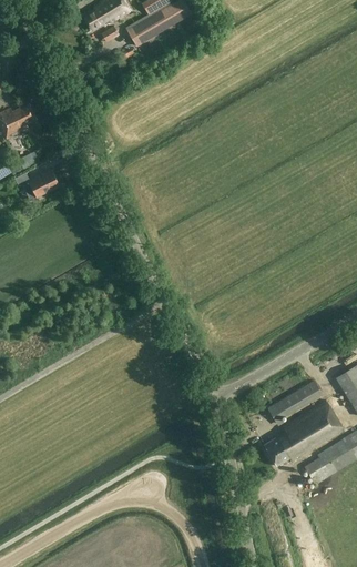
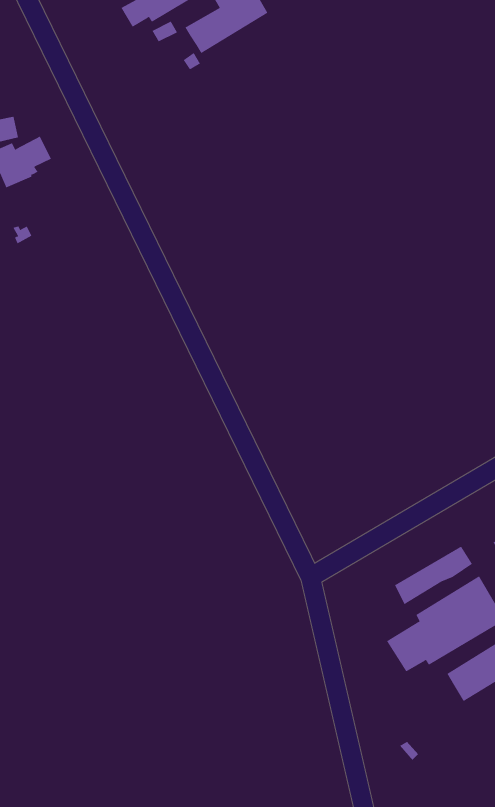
building: [14,170,59,199] -> none

